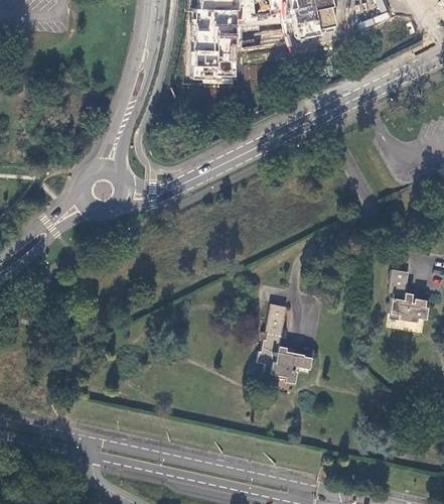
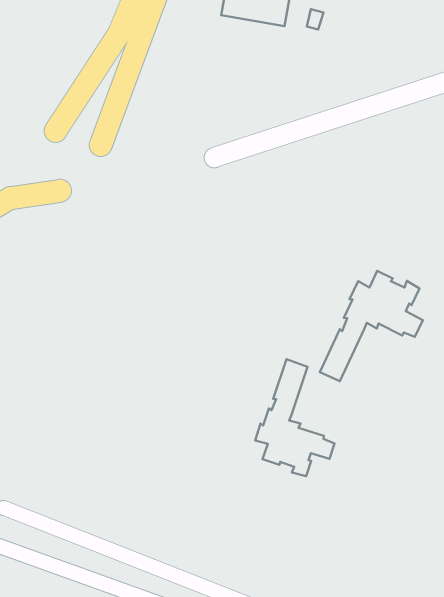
building: none -> [320,271,423,381]

